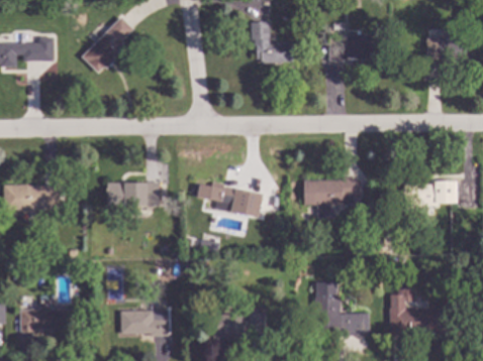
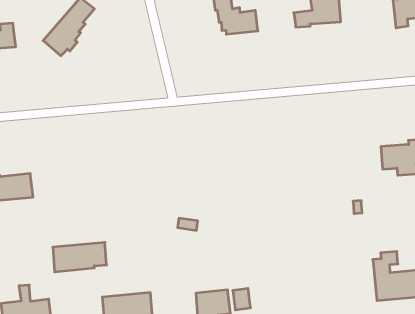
building: [303,176,358,217] -> none
building: [193,180,261,216] -> none
building: [107,182,159,207] -> [53,242,107,272]
building: [313,281,369,335] -> none

